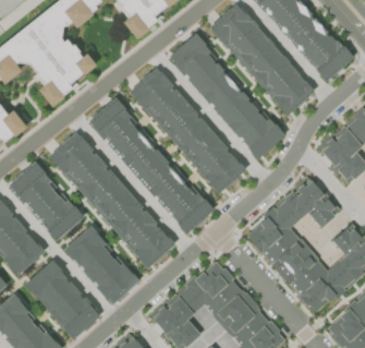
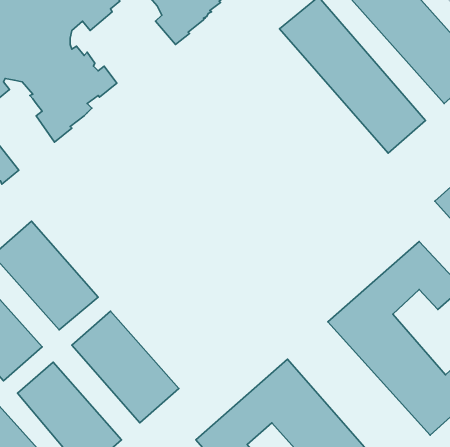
building: [171,36,283,156] -> none
building: [130,67,246,192] -> none
building: [88,97,214,232] -> none
building: [48,132,174,267] -> none

